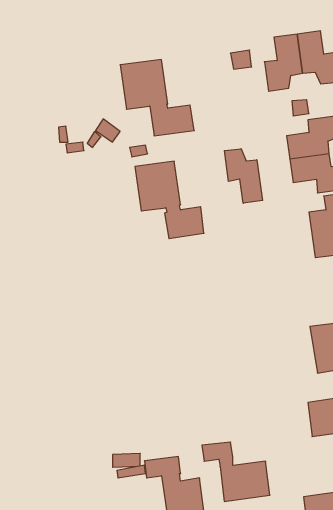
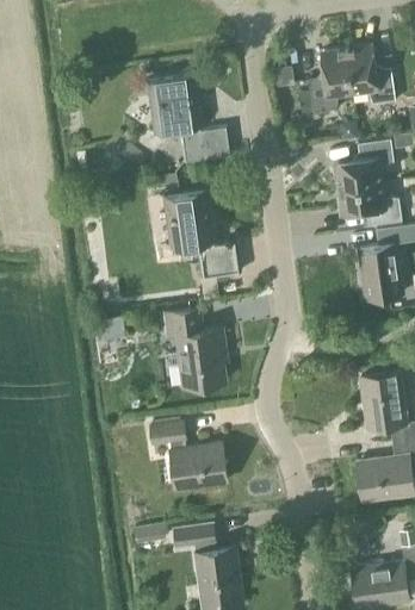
building: [224,149,263,203] -> none
building: none -> [165,310,227,388]
building: [202,442,270,501] -> [150,423,227,490]

